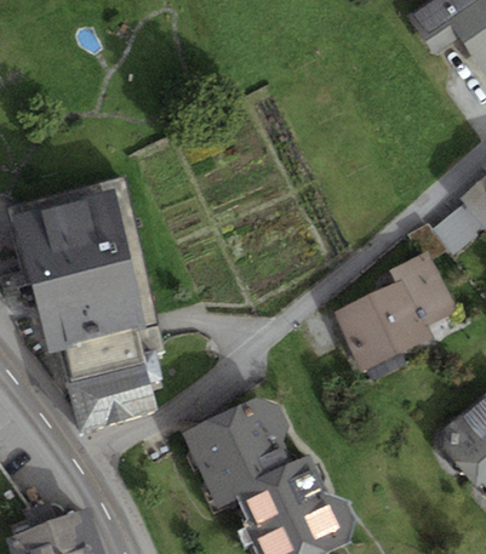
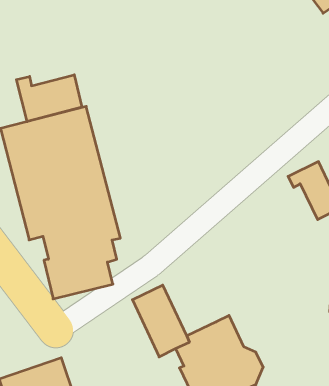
building: none -> [16,75,82,122]
building: [332,280,430,382] -> none
building: [222,396,292,480] -> none

